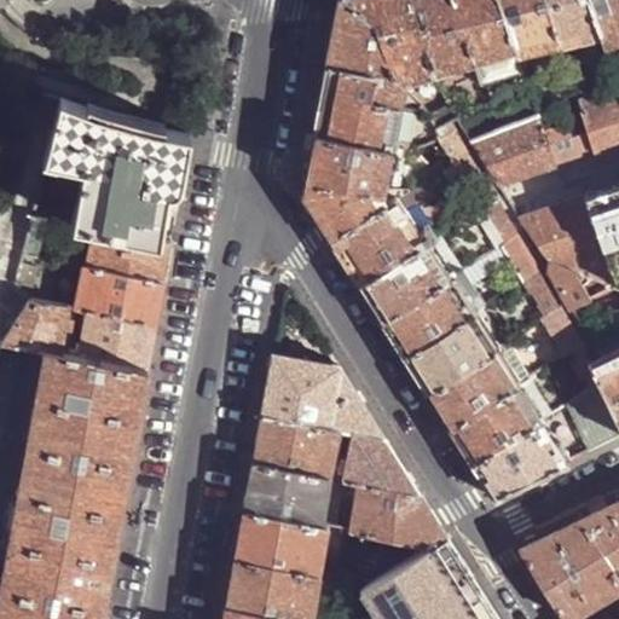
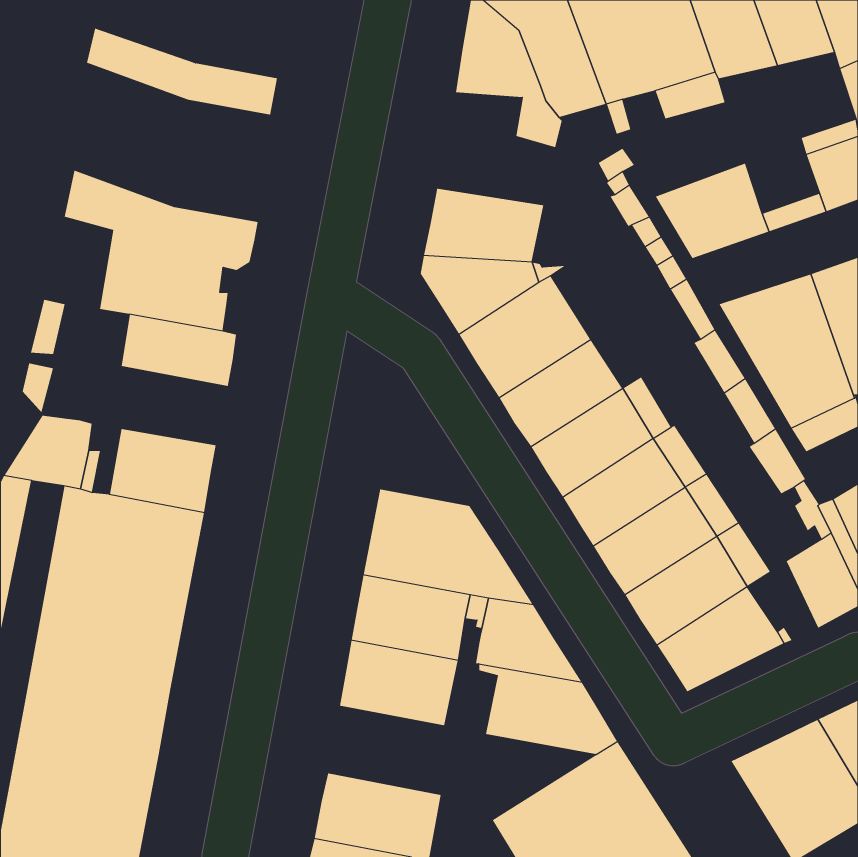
building: [314,68,400,149] -> none
building: [53,98,191,161] -> [86,28,278,115]
building: [75,264,164,322] -> none
building: [236,509,326,573] -> none

